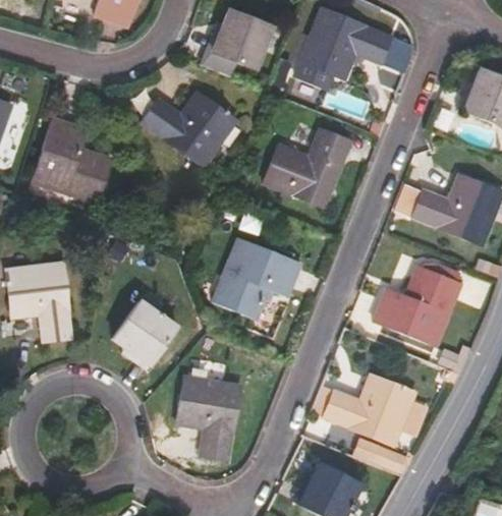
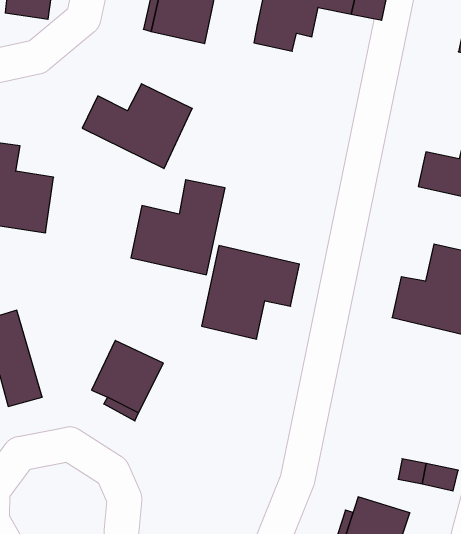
building: [264,127,351,209] -> [131,180,225,275]
building: [324,377,413,445] -> none
building: [178,378,239,459] -> none

